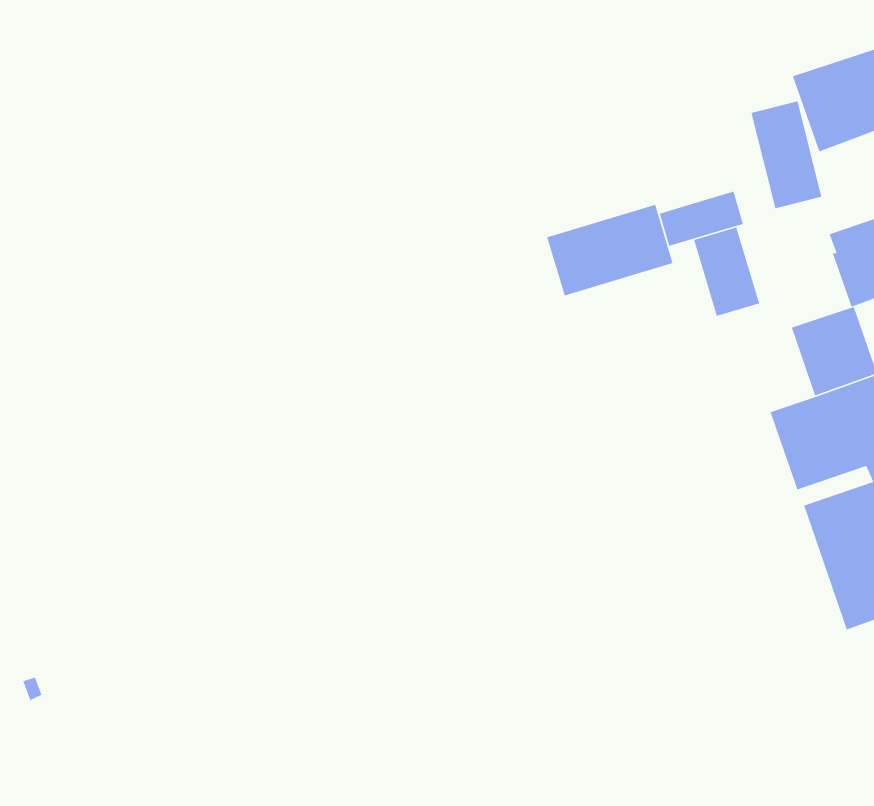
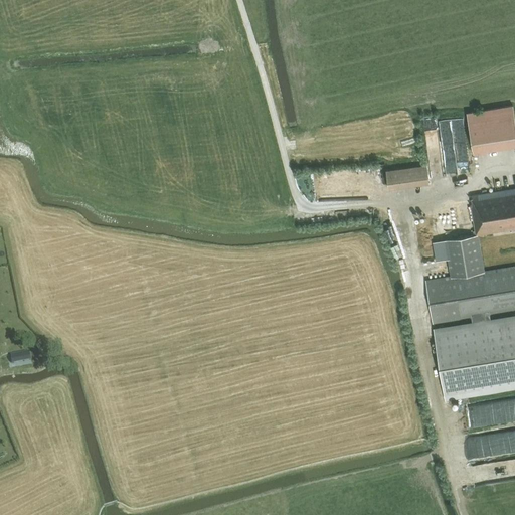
building: [546,204,674,296] -> none
building: [693,227,760,317] -> none

